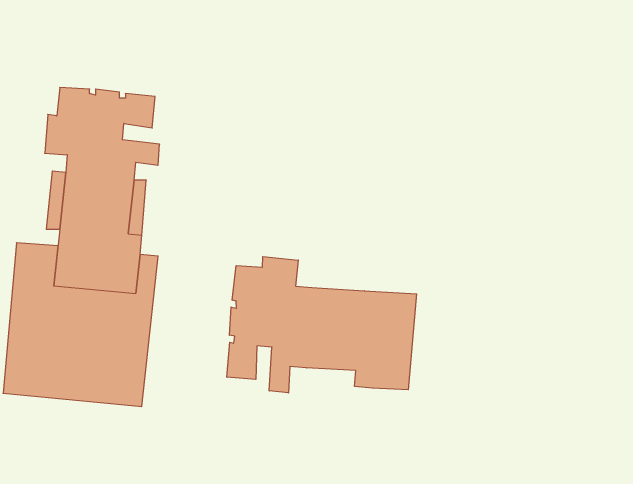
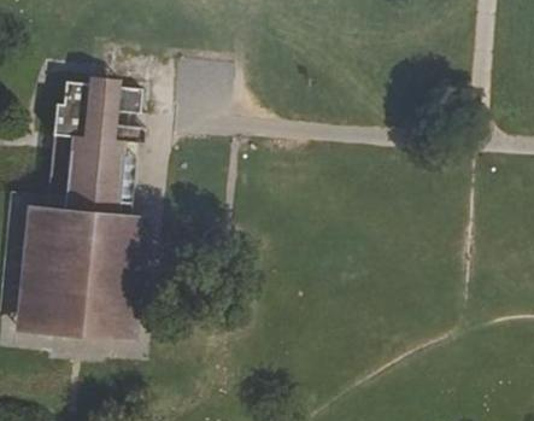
building: [227,257,417,393] -> none

